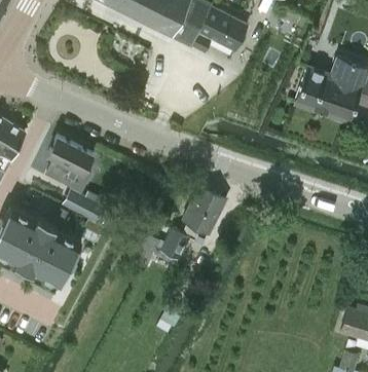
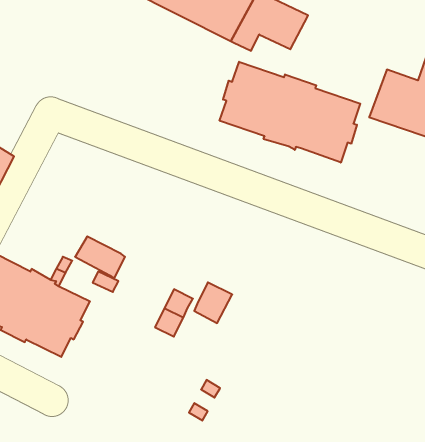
building: none -> [220,62,360,163]
building: [46,137,91,191] -> none
building: [183,186,226,238] -> none

